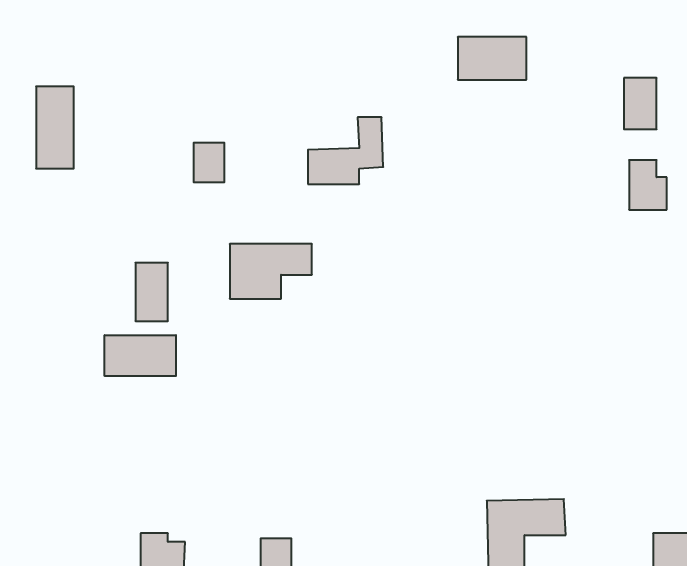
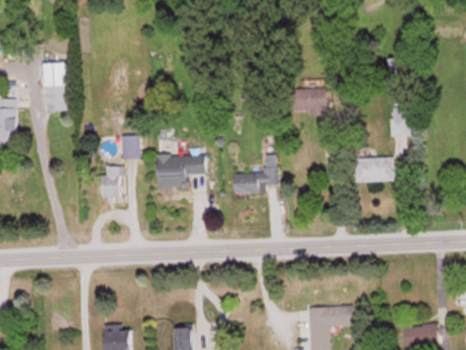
building: [458,37,526,80] -> [287,89,327,114]
building: [308,117,383,184] -> [234,155,278,194]
building: [194,143,224,182] -> [121,136,139,159]
building: none -> [354,158,394,182]
building: [105,335,176,376] -> none

